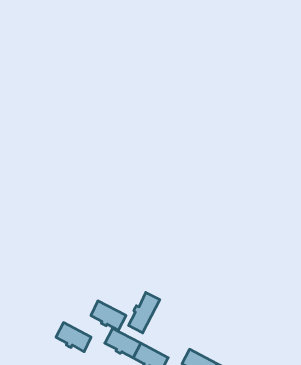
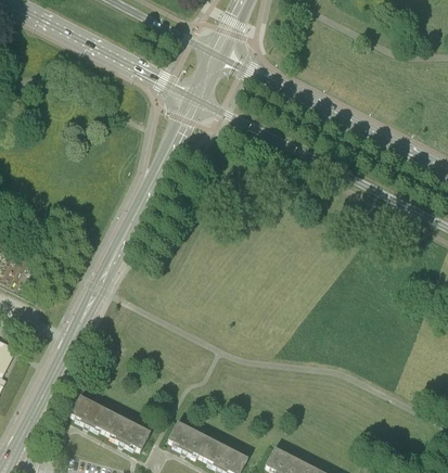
building: [129,292,160,333] -> none
building: [91,301,126,330] -> [71,394,115,431]

